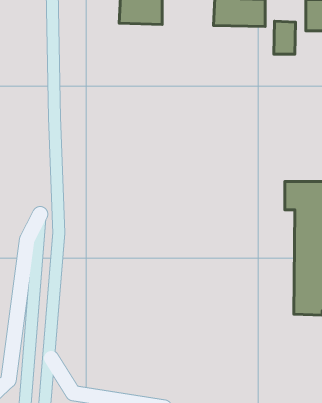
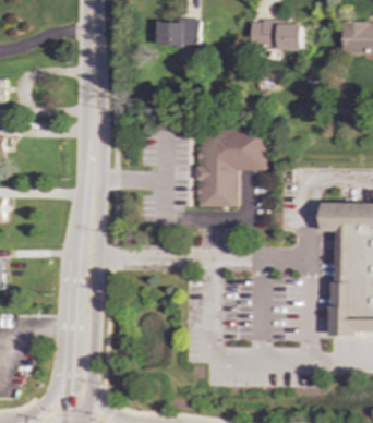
building: [274,21,295,54] -> none
building: none -> [198,126,266,205]

